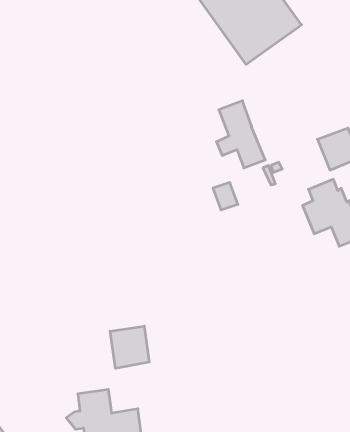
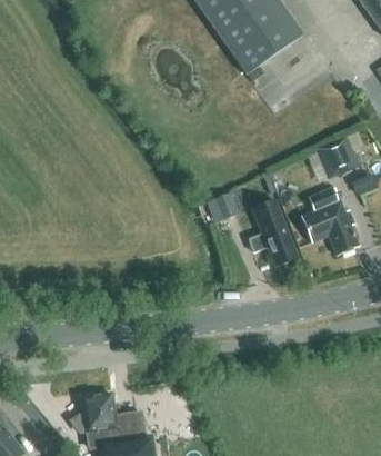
building: [216,101,265,168] -> [249,198,297,264]
building: [110,326,149,368] -> none

